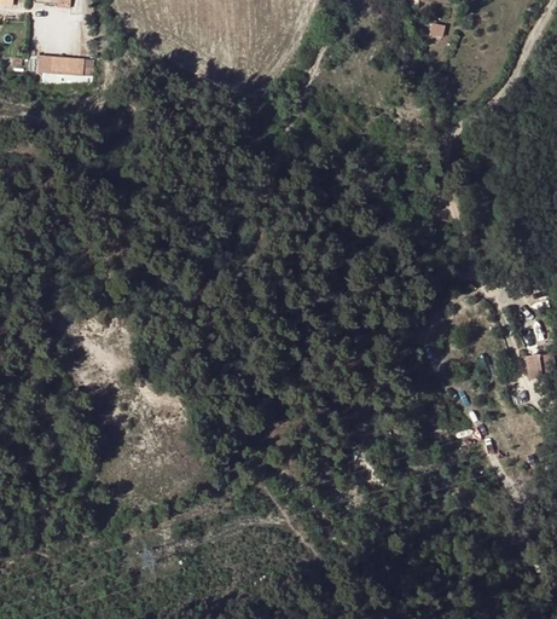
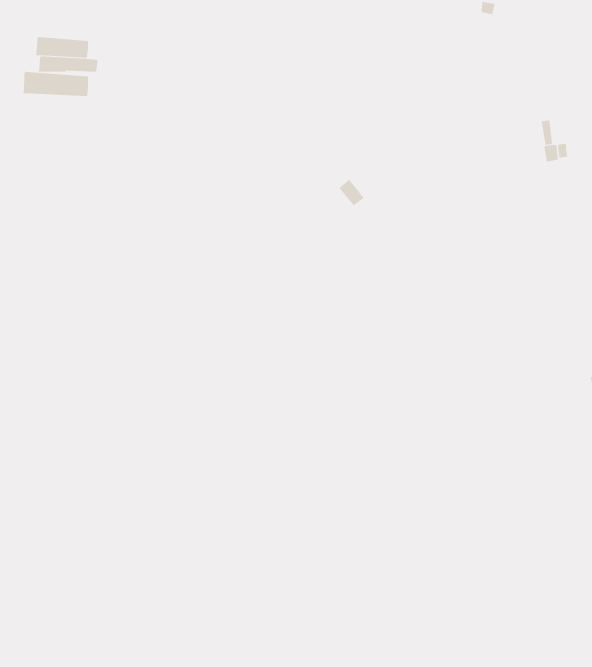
building: none -> [23,71,89,97]

